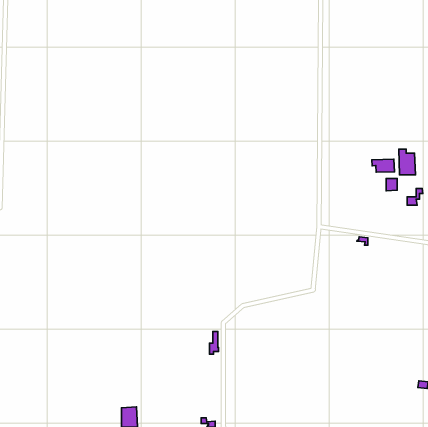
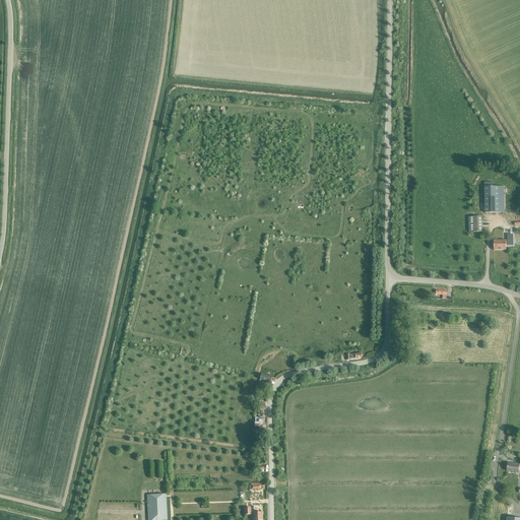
building: [372,159,395,172] -> none

